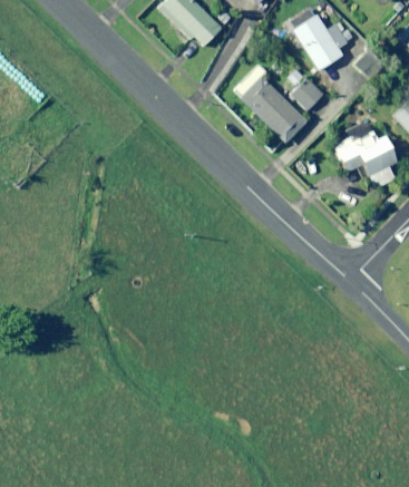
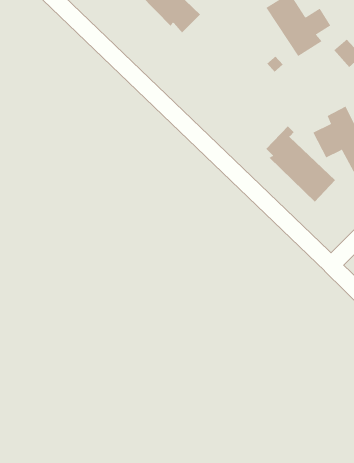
building: [236,66,306,143] -> [266,126,336,202]
building: [291,79,323,111] -> none

